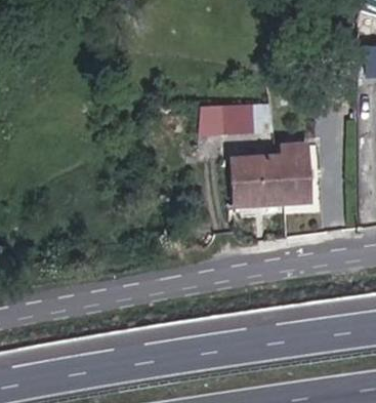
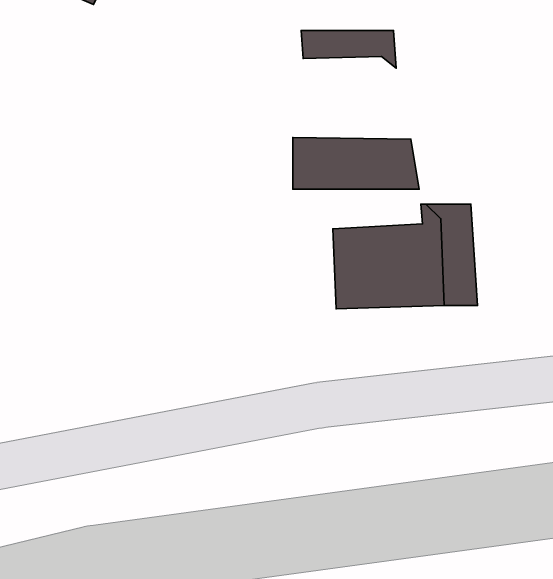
building: none -> [301,30,396,68]

